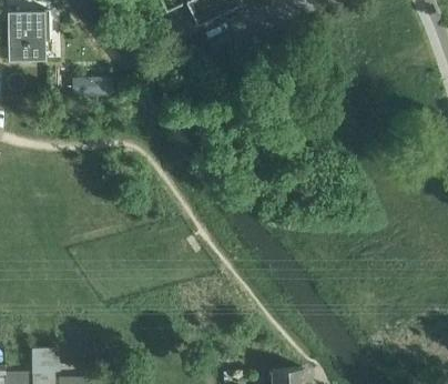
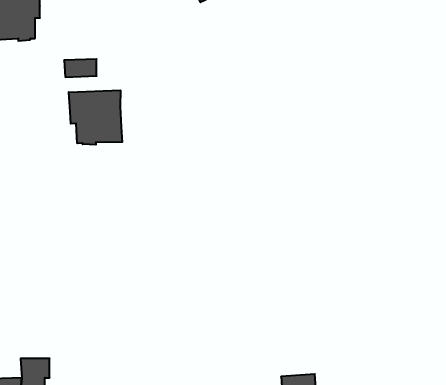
building: none -> [69,90,122,145]

